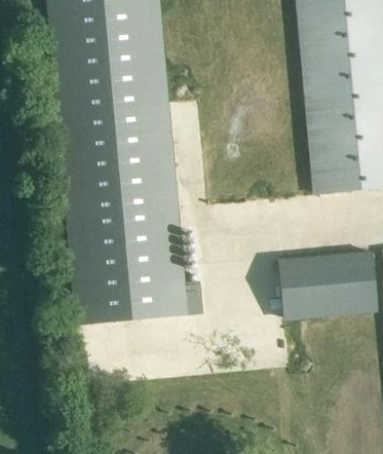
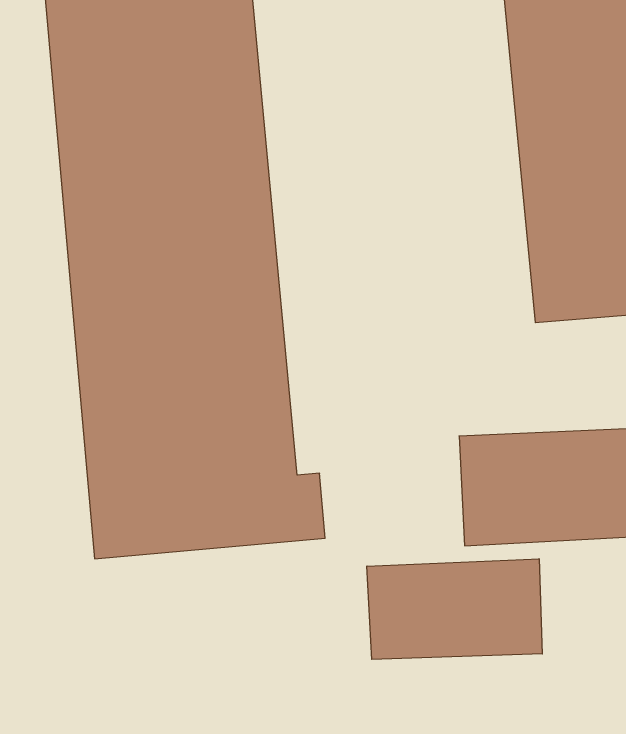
building: none -> [367,559,542,659]

